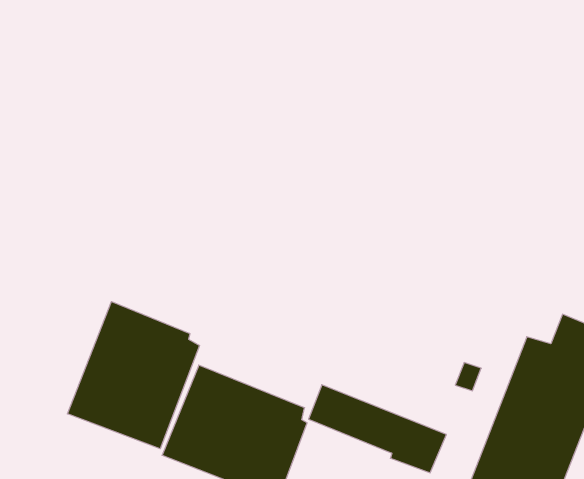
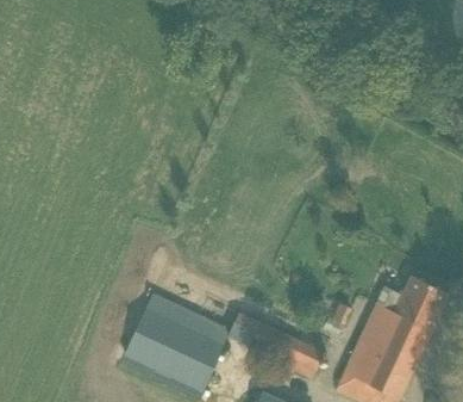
building: [67,302,199,449] -> none

